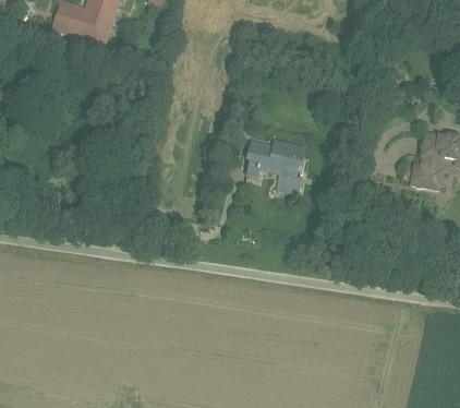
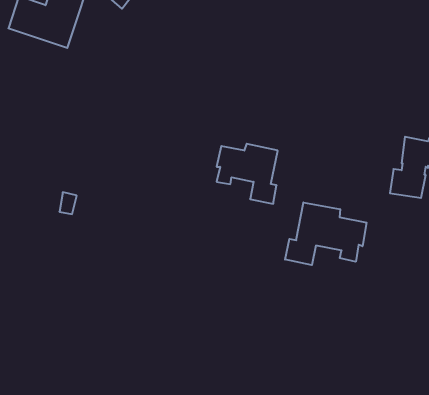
building: none -> [285,202,367,265]

